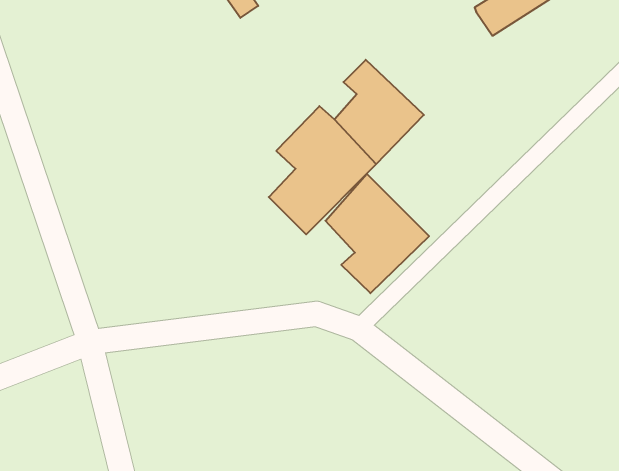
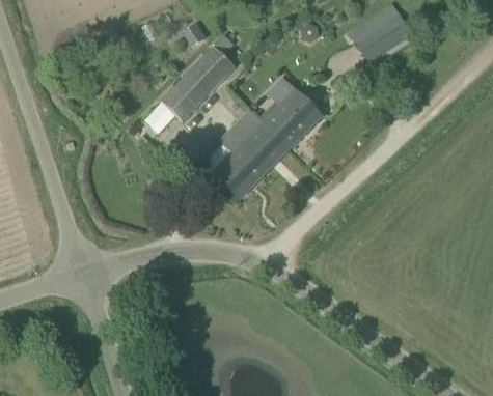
building: none -> [161,46,237,122]
building: [325,174,429,293] -> none

